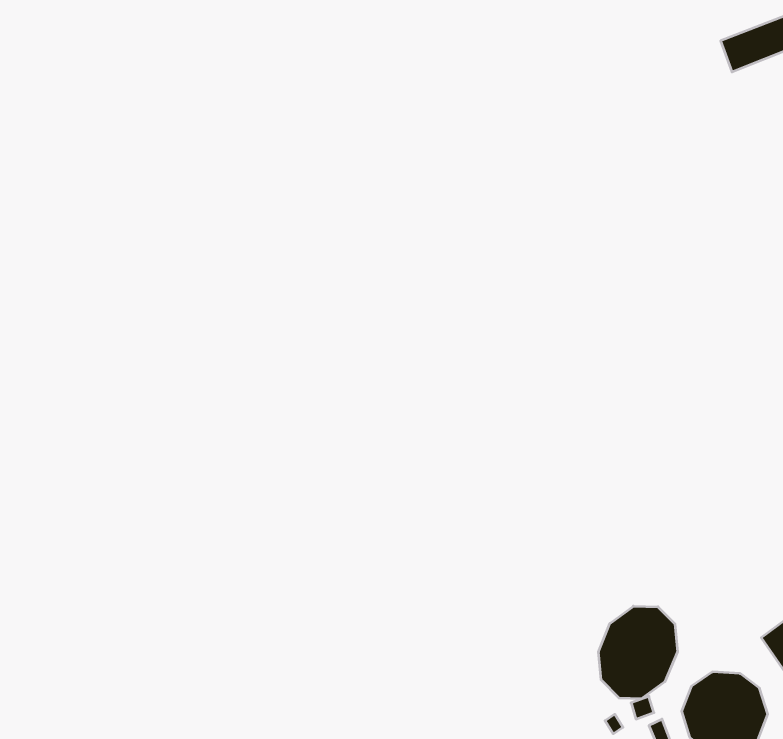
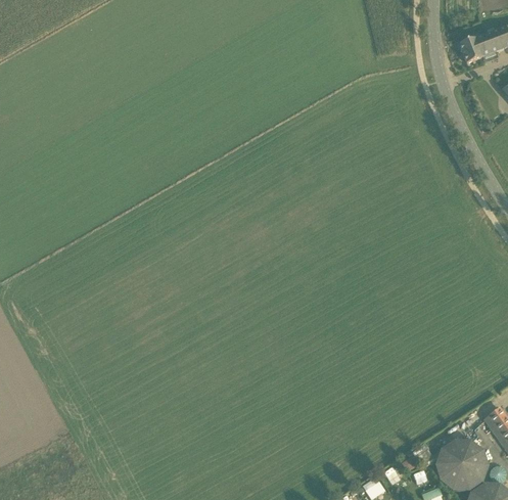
building: [599,606,677,699] -> none

